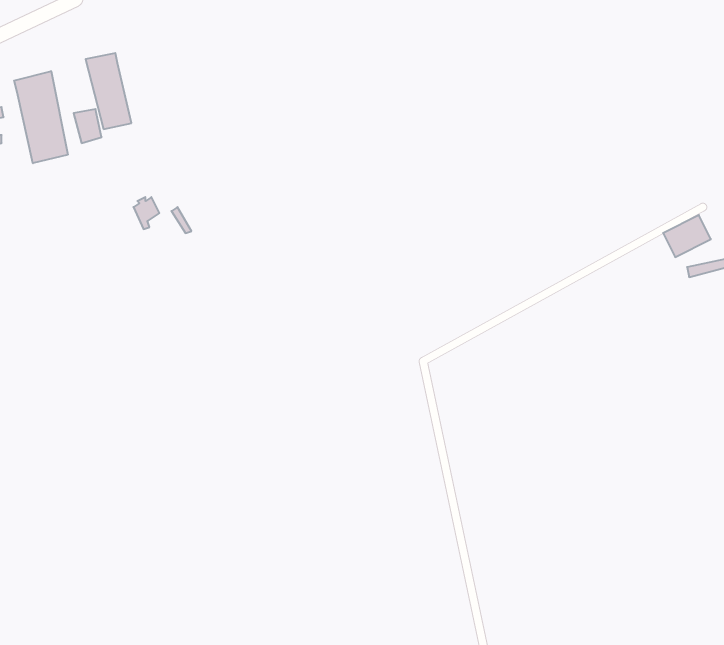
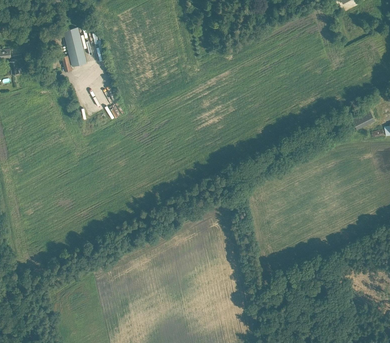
building: [14,71,68,163] -> none

